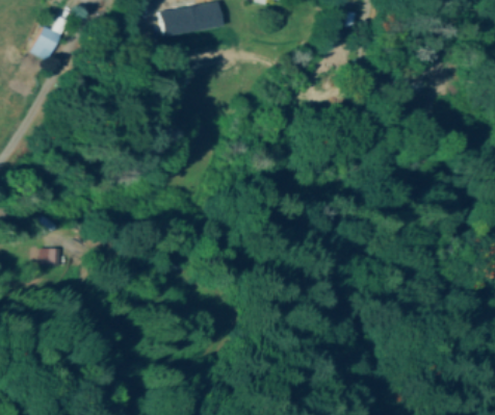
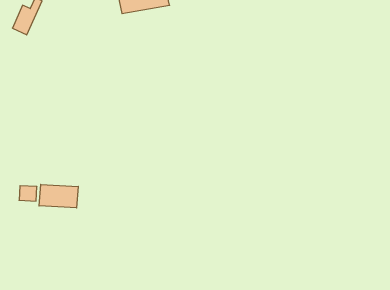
building: none -> [39,184,78,208]

